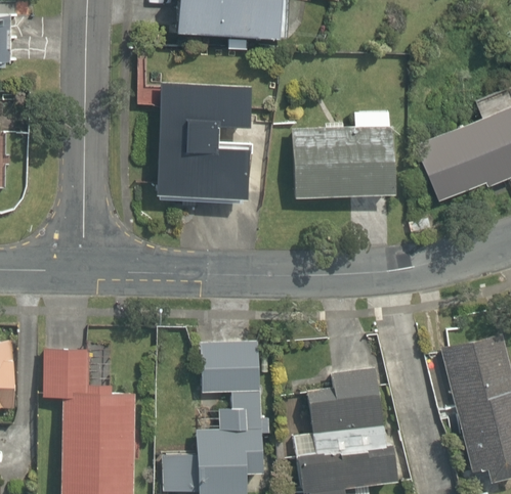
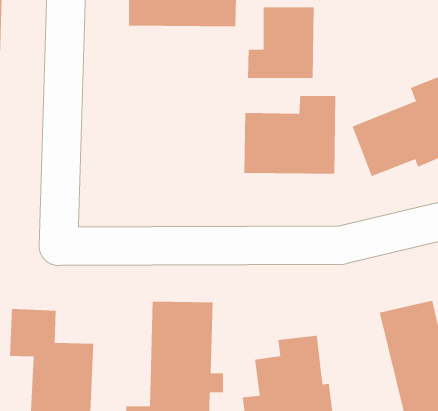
building: none -> [247,6,314,79]
building: [156,79,252,200] -> none

